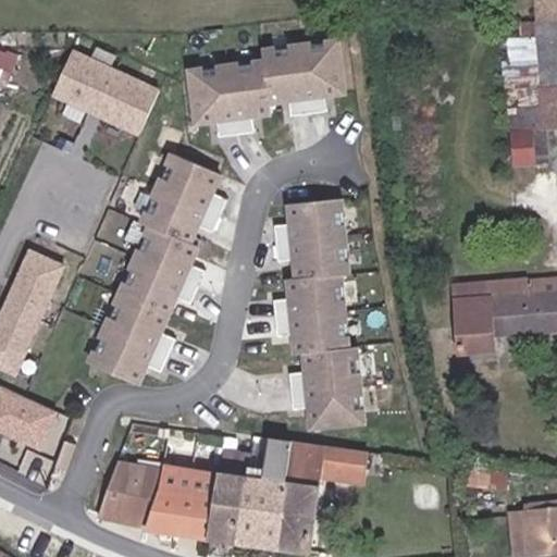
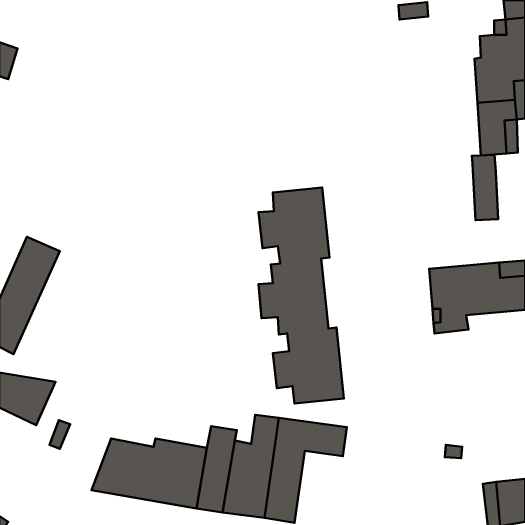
building: [188,41,343,138] -> none
building: [55,45,154,126] -> none
building: [89,154,227,385] -> none
building: none -> [472,155,498,220]

